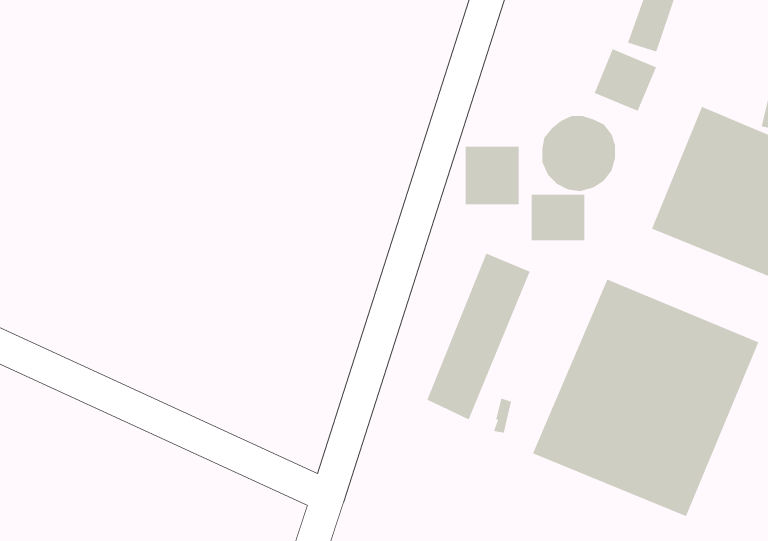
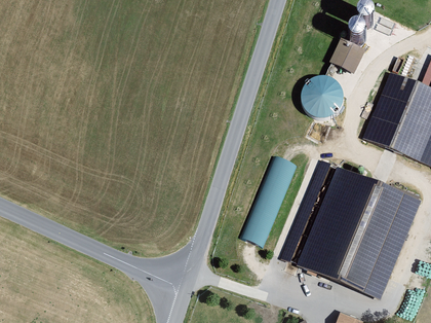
building: [465,146,519,205] -> none
building: [531,194,585,241] -> none

